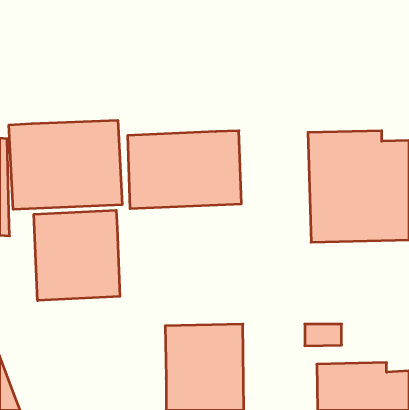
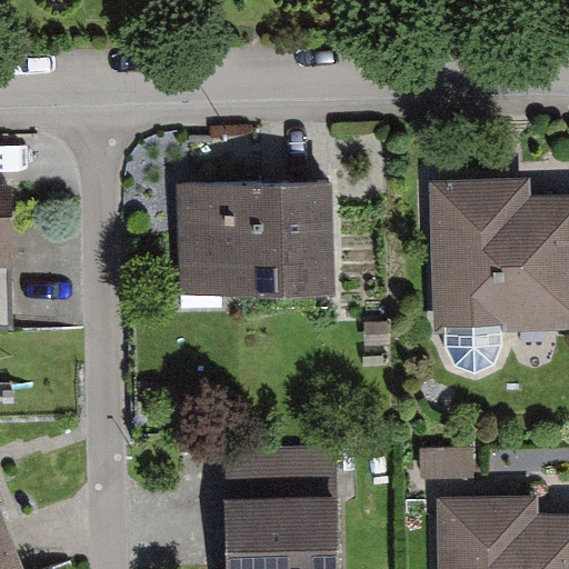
building: [9,120,122,209] -> none
building: [34,210,120,301] -> none

